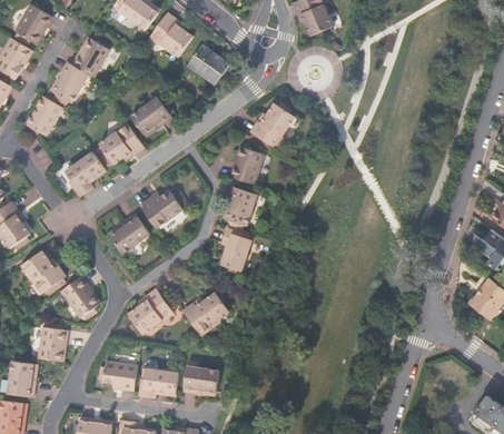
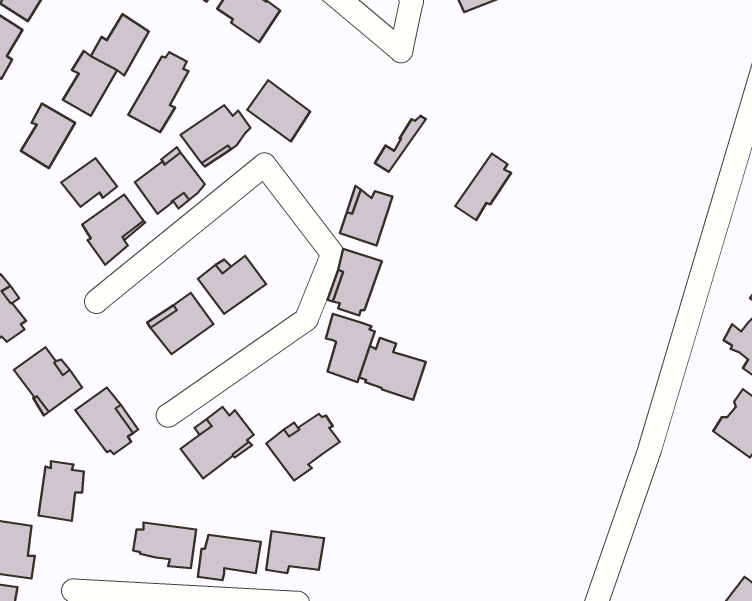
building: [187,45,227,83] -> [247,80,310,141]
building: none -> [128,52,188,132]
building: [260,105,296,147] -> [455,154,511,220]
building: none -> [61,158,117,207]
building: none -> [359,338,426,400]

